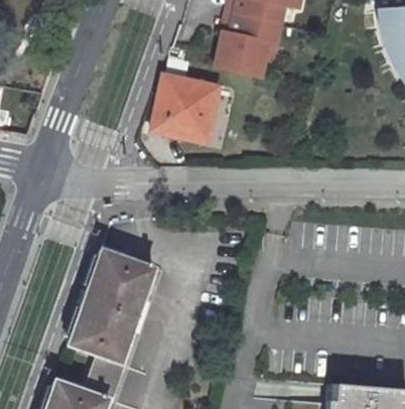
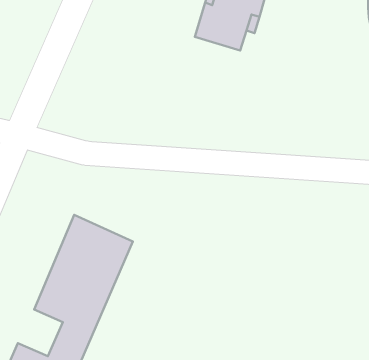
building: [149,72,212,137] -> none

